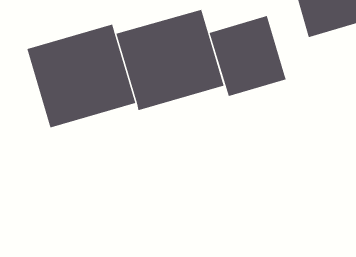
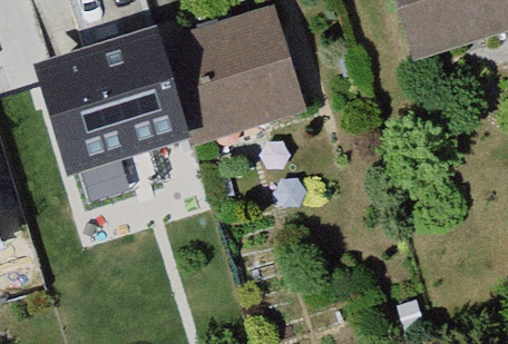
building: [209,15,287,97] -> none

